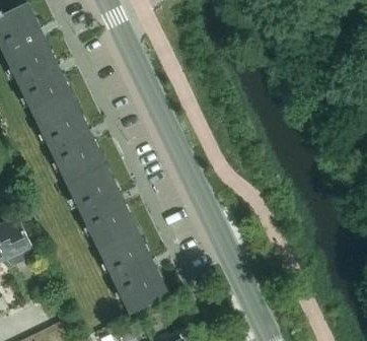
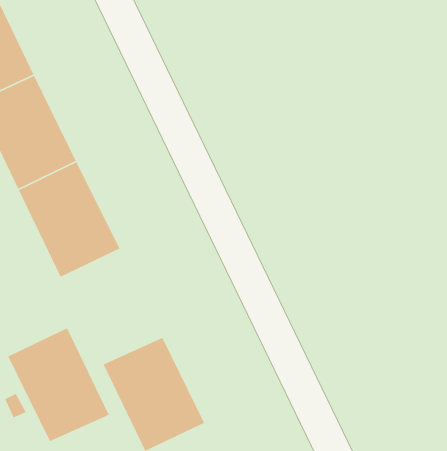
building: [73,179,142,256] -> [7,327,110,442]

